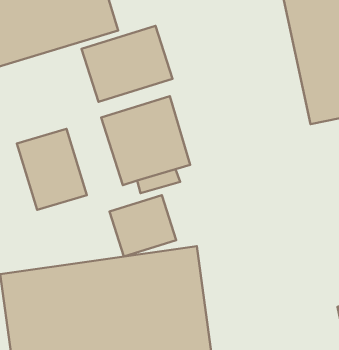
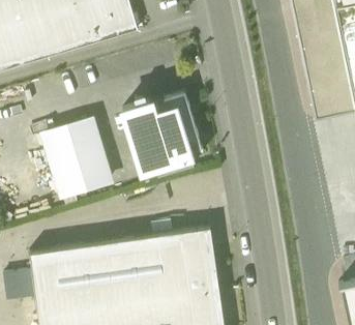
building: [82,26,172,102] -> none
building: [109,195,176,256] -> none

